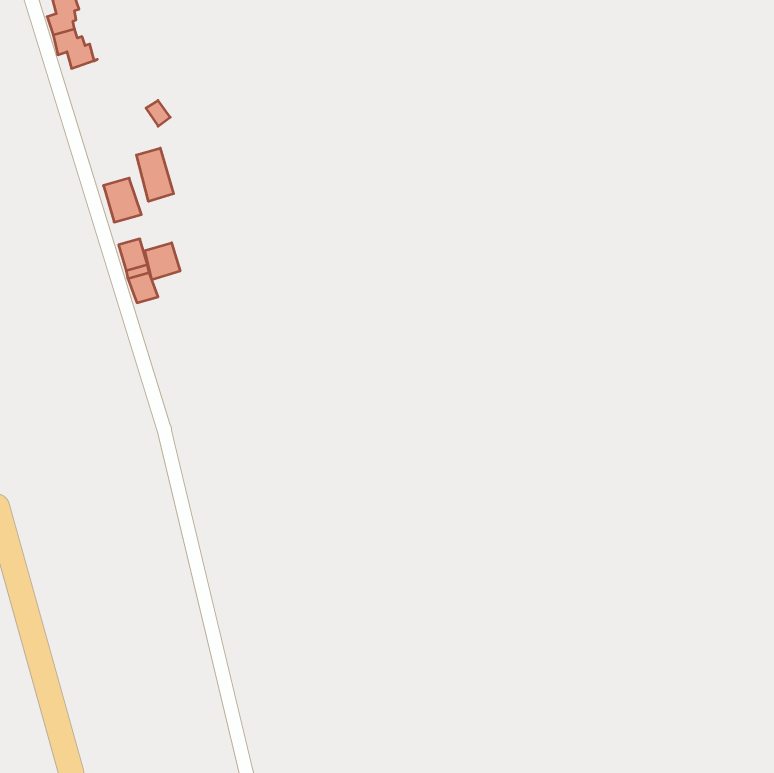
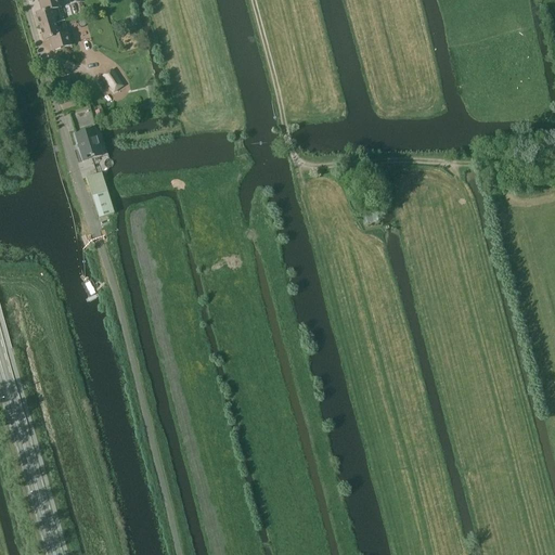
building: [136,148,174,201] -> none
building: [145,243,180,280] -> none

